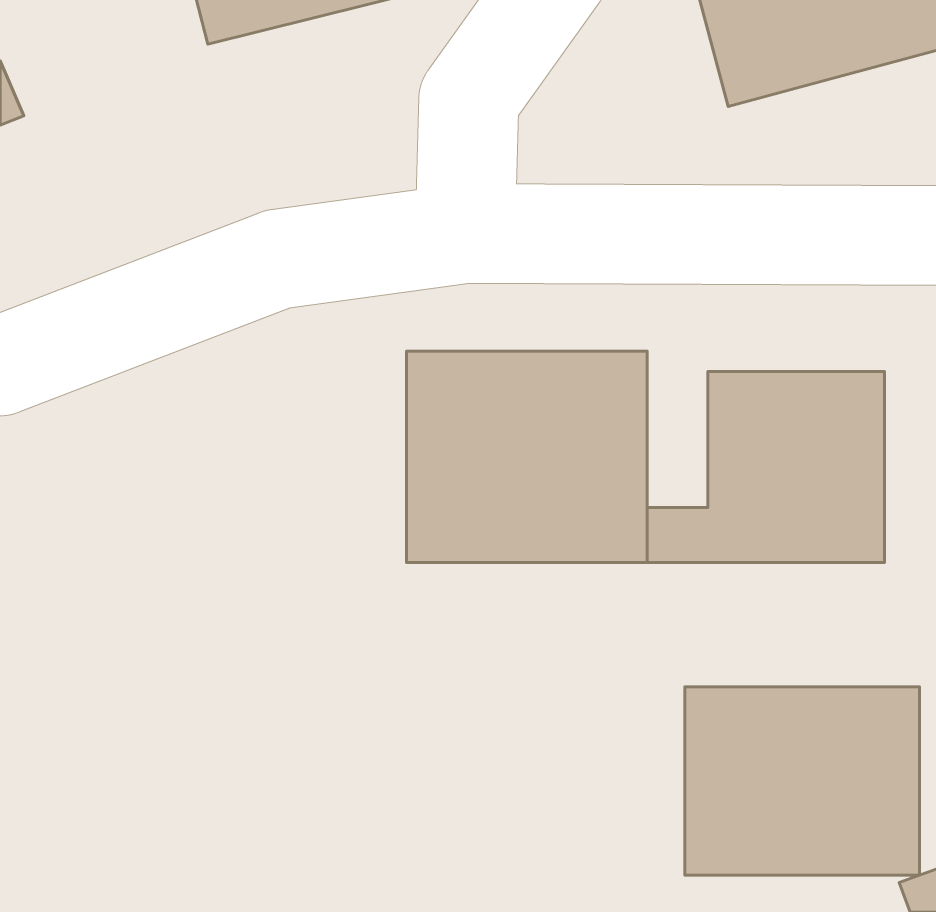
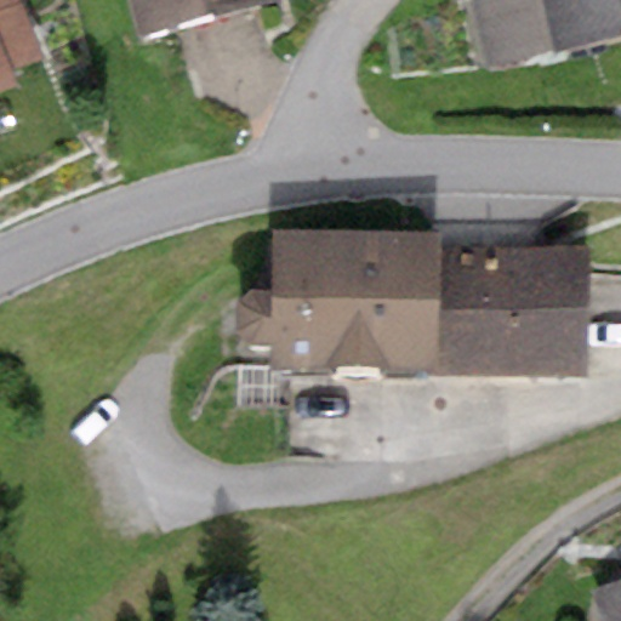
building: [685,687,919,875] -> none

